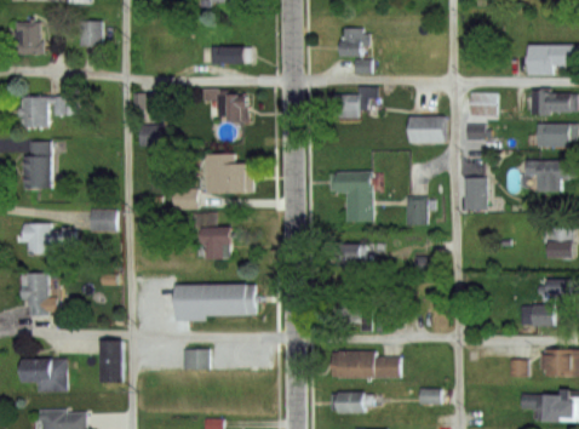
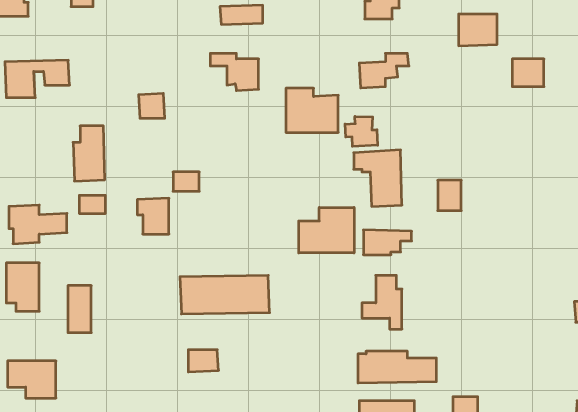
building: [408,116,442,144] -> [459,14,497,46]
building: [23,141,51,189] -> [73,126,105,181]
building: none -> [345,116,378,146]
building: [205,155,251,194] -> [286,88,338,132]
building: [463,178,485,211] -> none
building: none -> [299,207,354,253]
building: [201,227,229,258] -> [137,198,169,234]
building: [101,341,121,382] -> [68,286,91,333]

